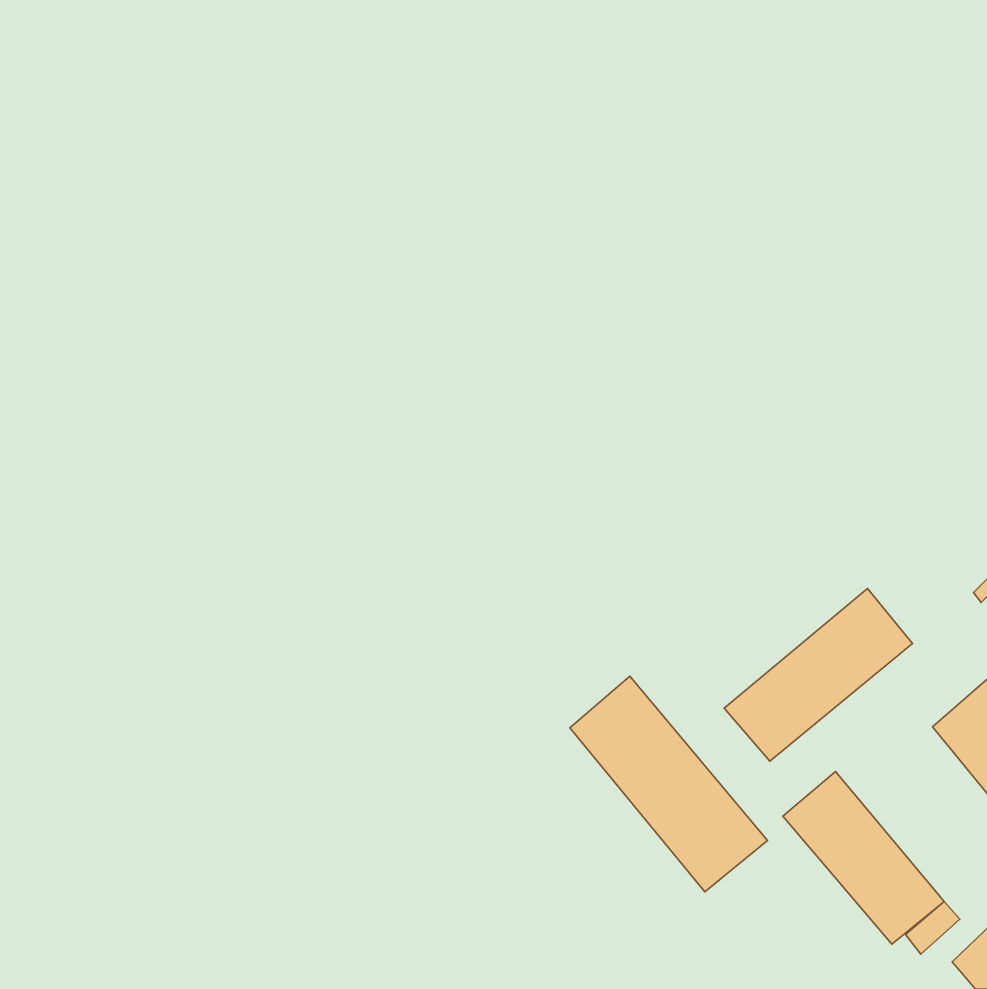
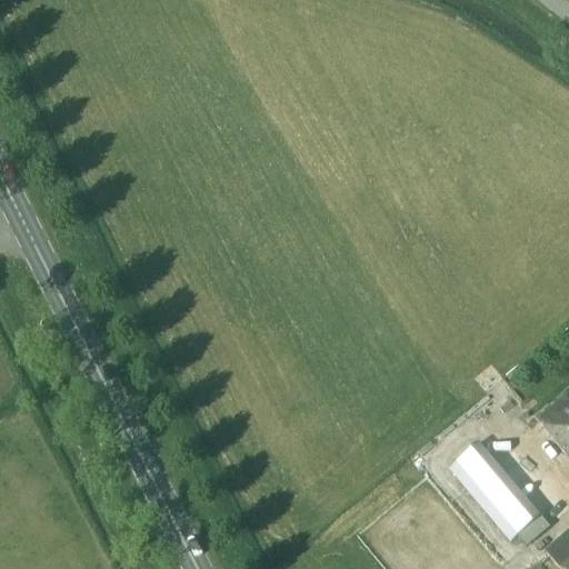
building: [724,588,913,761] -> none
building: [570,676,767,892] -> none

